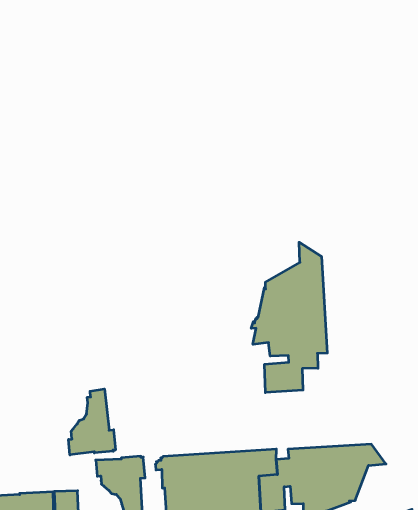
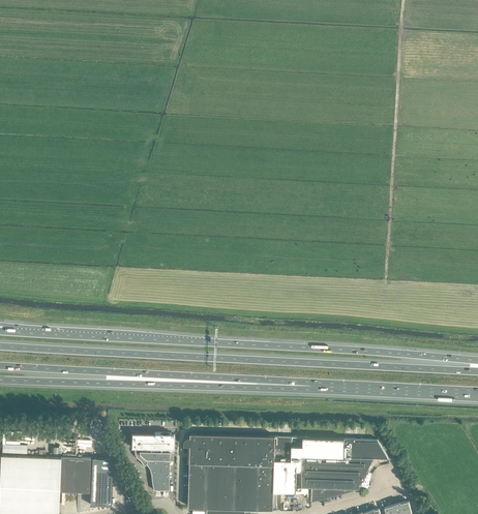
building: [251,242,327,393] -> none
building: [69,389,115,455] -> none

